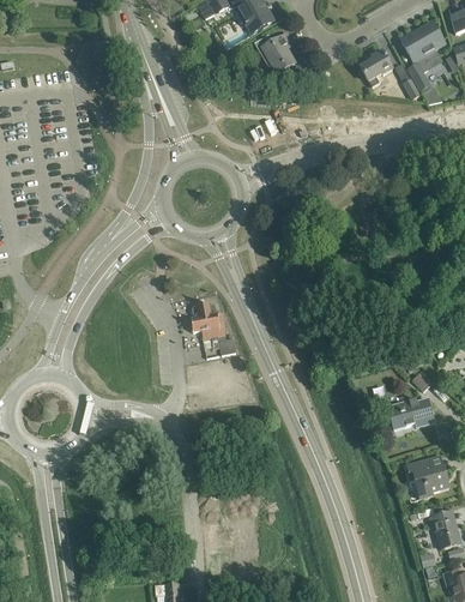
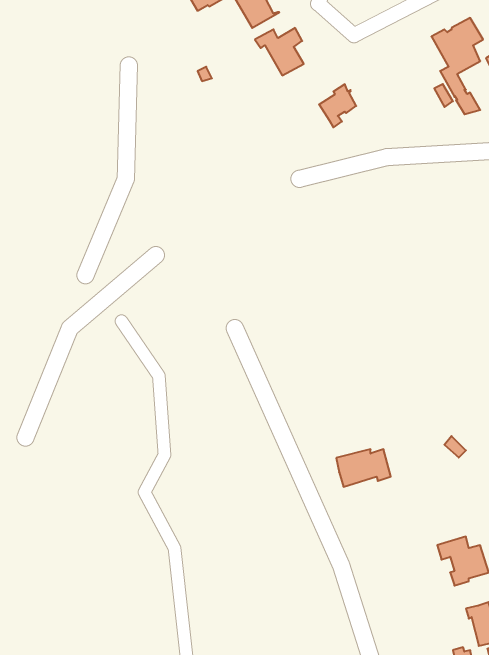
building: [360,50,391,86] -> [319,84,356,127]
building: [191,301,235,354] -> none
building: [387,398,433,429] -> [336,449,391,487]

